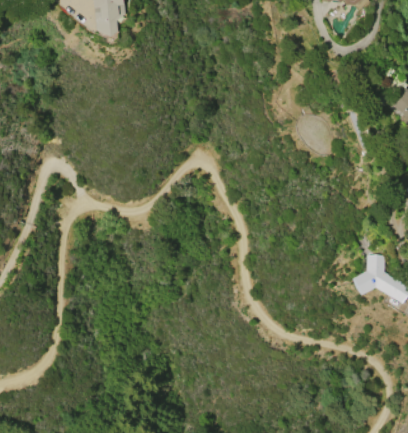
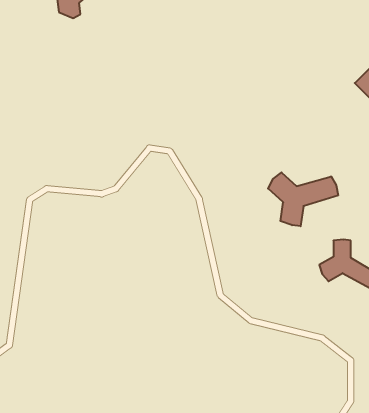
building: none -> [268,172,338,226]

